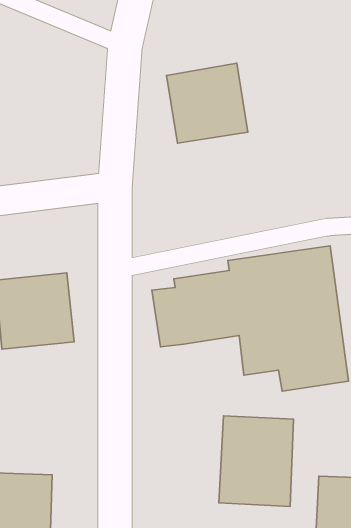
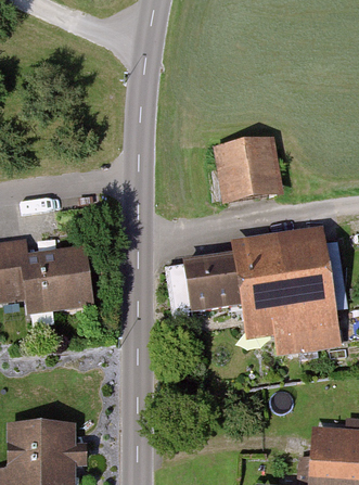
building: [167,63,248,143] -> [211,137,283,207]
building: [219,416,293,506] -> none

